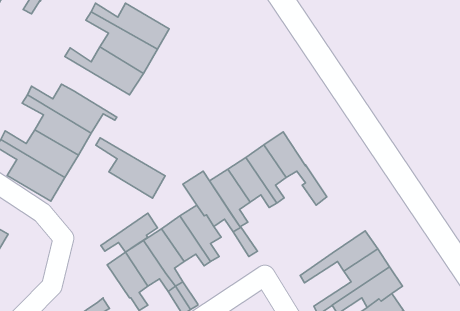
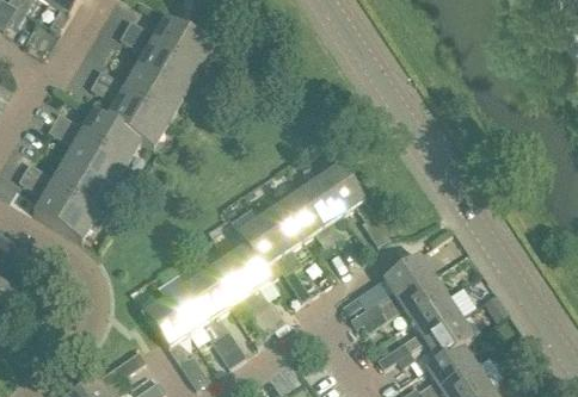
building: [96,138,165,198] -> [91,76,168,144]
building: none -> [350,252,432,324]
building: [101,213,157,252] -> none

